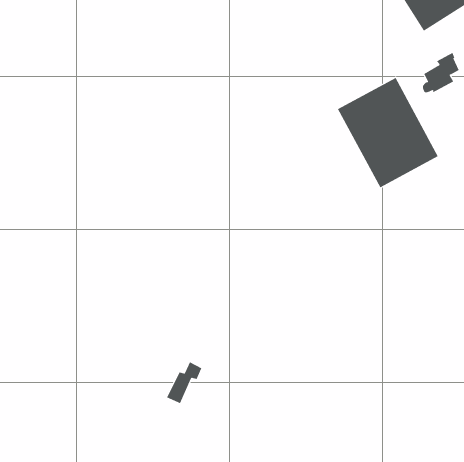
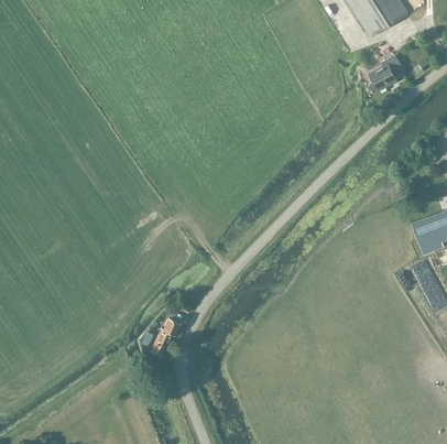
building: [337,77,439,188] -> none

